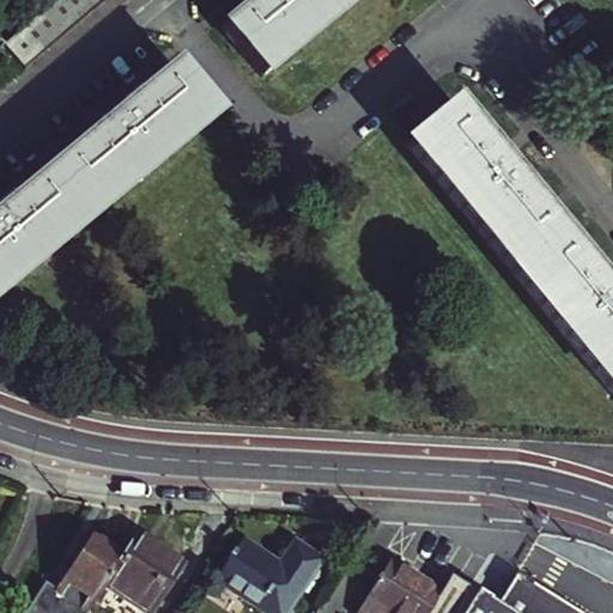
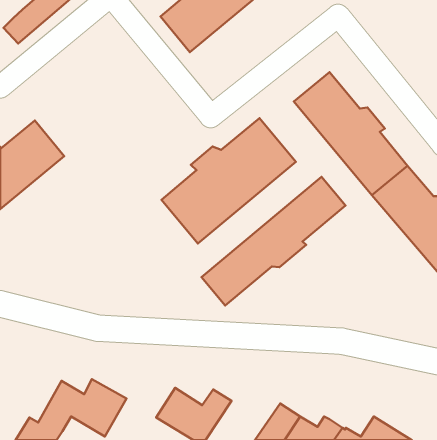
building: [56,61,223,216] -> none
building: none -> [161,118,296,243]
building: none -> [201,177,345,306]

